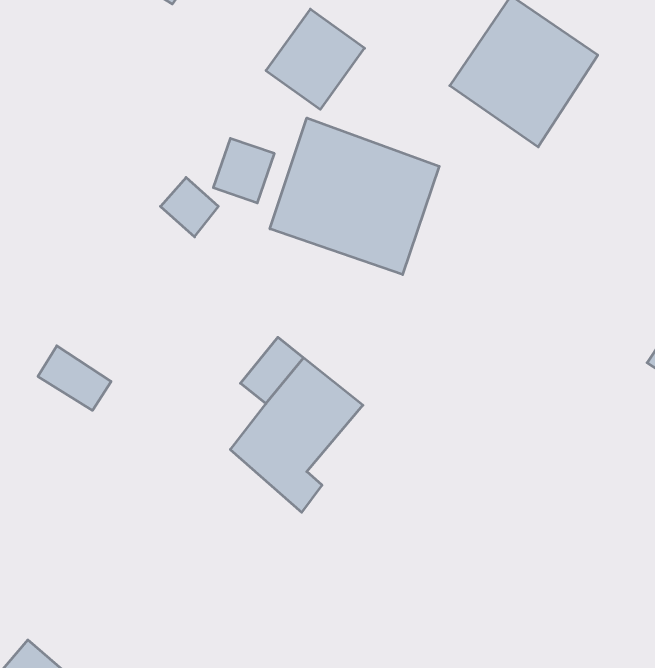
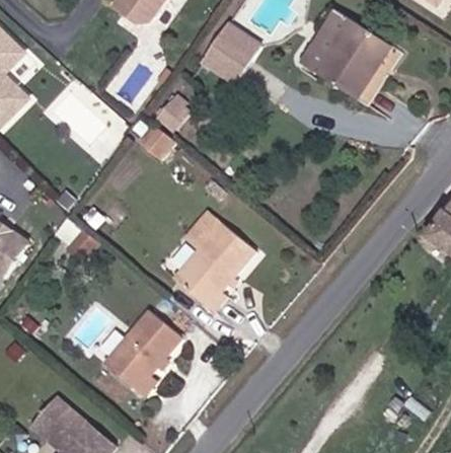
building: [270,118,439,275] -> none
building: none -> [105,314,182,403]

